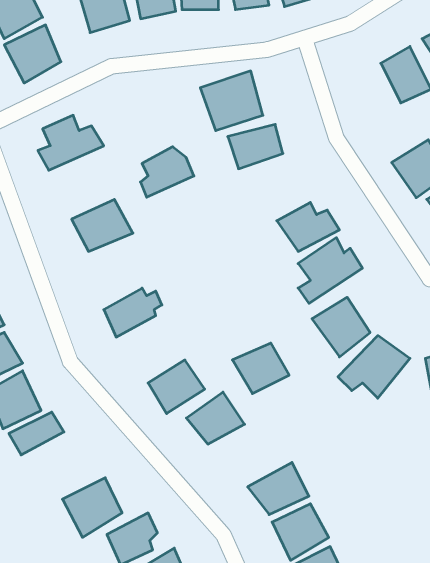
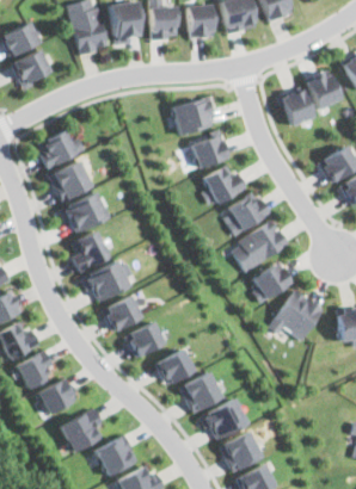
building: none -> [275,83,318,134]
building: [140,147,194,197] -> [55,161,97,200]
building: none -> [200,162,246,200]
building: none -> [73,230,111,271]
building: none -> [103,291,147,330]
building: [232,343,289,394] -> [182,369,226,408]
building: none -> [36,375,78,414]

